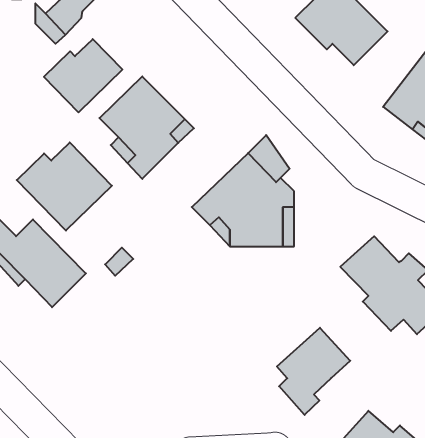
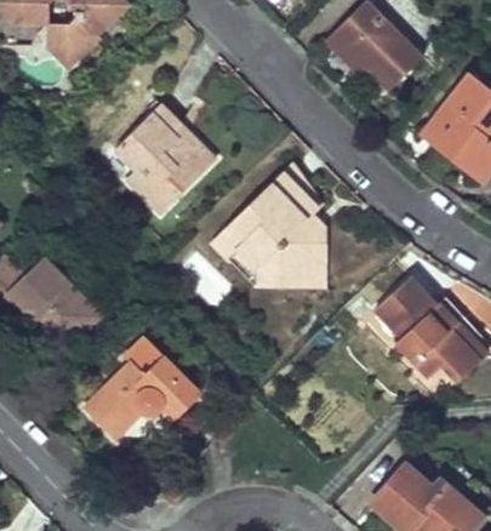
building: [44,39,122,112] -> none
building: [17,142,112,231] -> none
building: none -> [82,336,201,439]
building: [277,328,350,415] -> none

